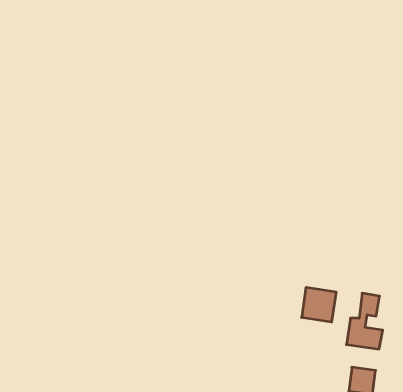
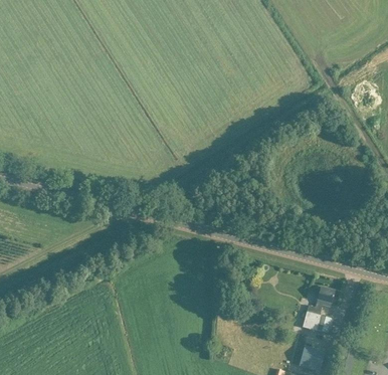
building: [302,287,336,322] -> none

